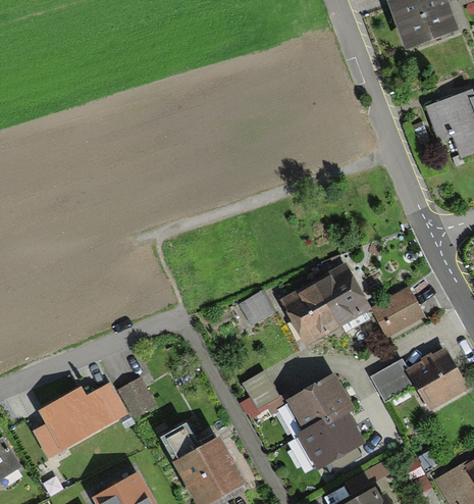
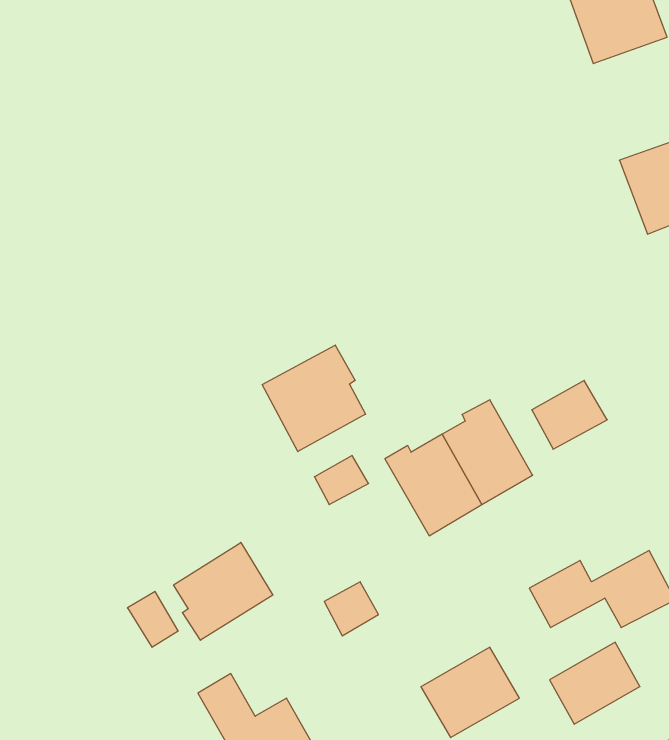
building: none -> [262,345,366,452]
building: [375,290,422,333] -> [532,380,607,449]
building: none -> [174,542,273,640]
building: [293,380,349,431] -> [550,642,640,724]
building: [45,394,109,445] -> none

